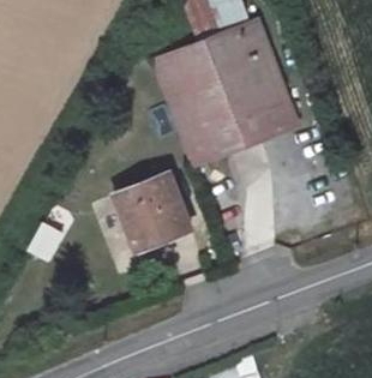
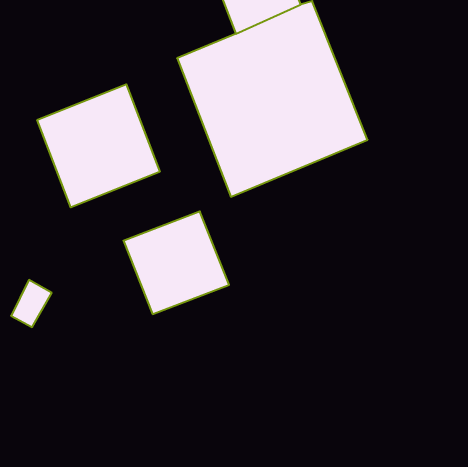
building: none -> [37,84,160,207]

